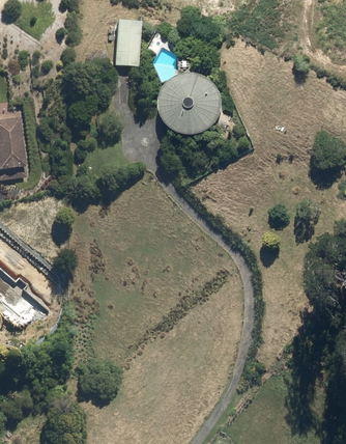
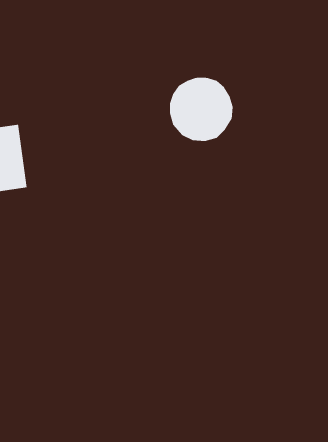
building: [115,20,140,66] -> none

